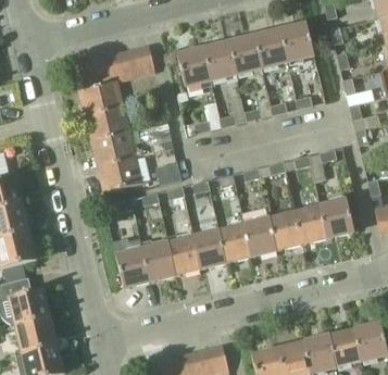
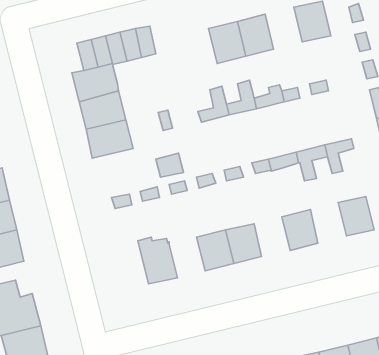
building: [254,29,288,67] -> none
building: [177,49,211,86] -> none
building: [98,158,141,191] -> none
building: [296,207,328,243] -> none
building: [245,220,277,255] -> none
building: [165,233,200,275] -> none
building: [112,237,149,287] -> none

